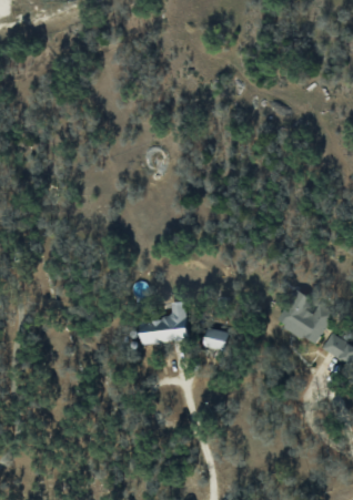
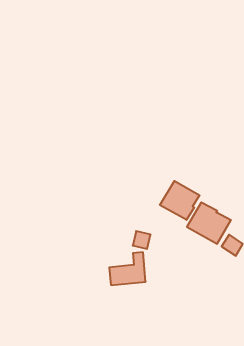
building: none -> [160,181,200,220]
building: [140,302,188,345] -> [109,252,146,285]

